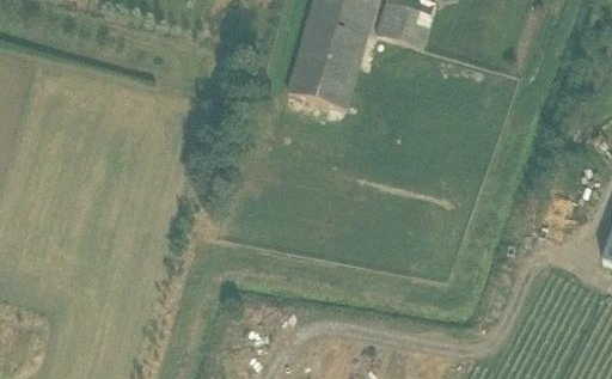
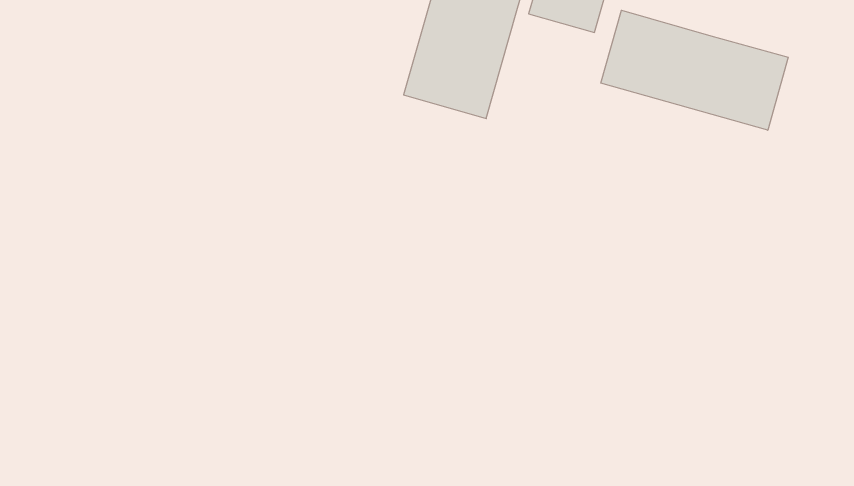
building: none -> [601,10,788,130]

